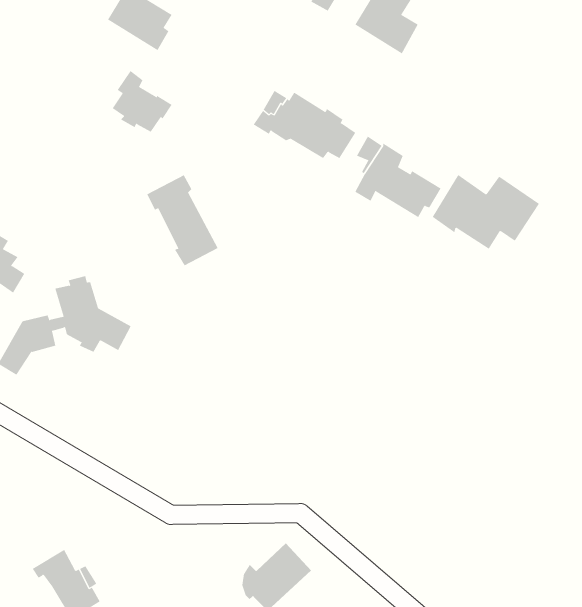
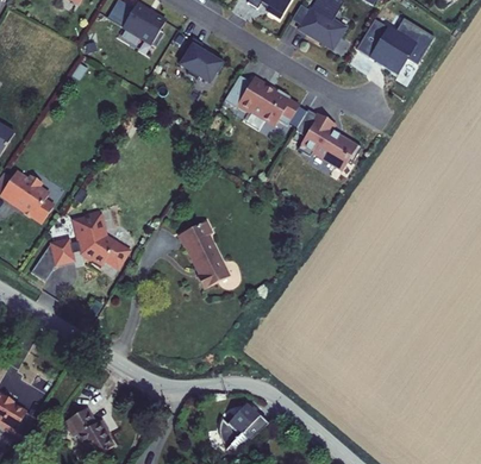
building: [112,70,173,133] -> [179,36,223,81]
building: [432,174,540,250] -> [355,15,433,70]
building: [146,174,218,266] -> [181,219,233,286]

